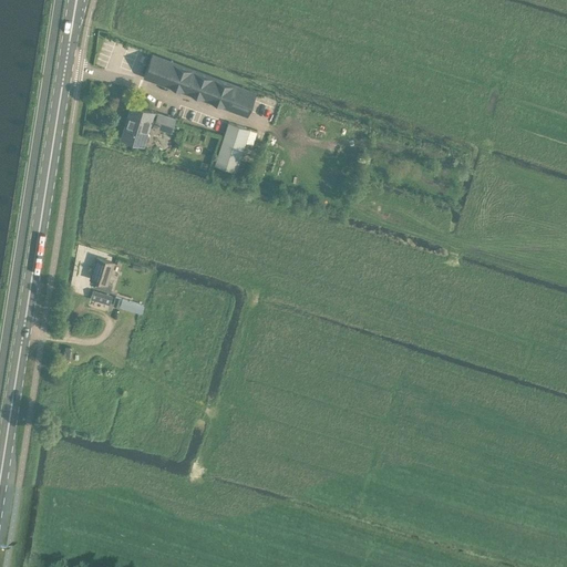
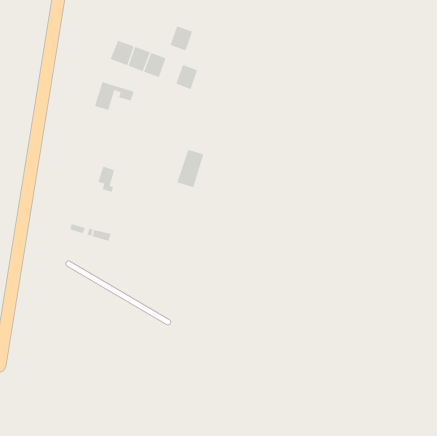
building: [206,78,236,111] -> [170,26,193,51]
building: [213,124,248,174] -> [177,149,204,188]
building: [90,259,112,293] -> [98,166,115,193]

